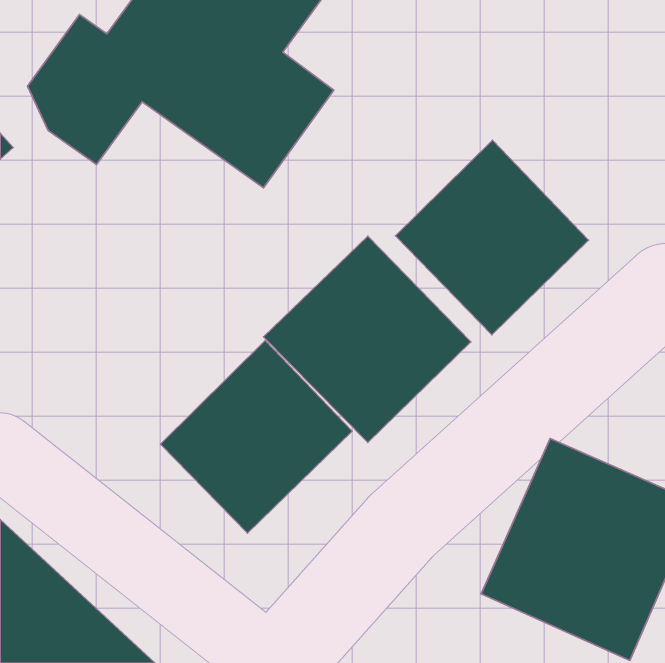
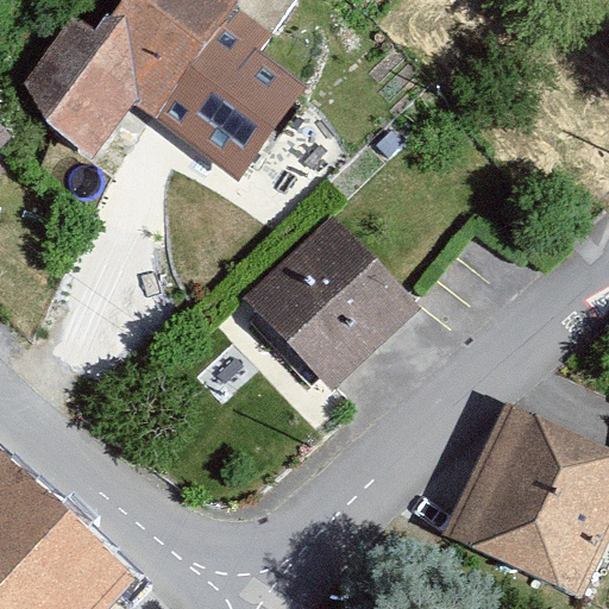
building: [396,140,589,335] -> none
building: [160,341,352,533] -> none

